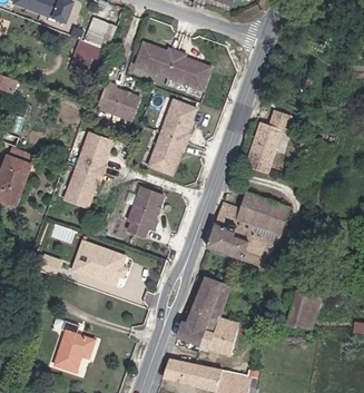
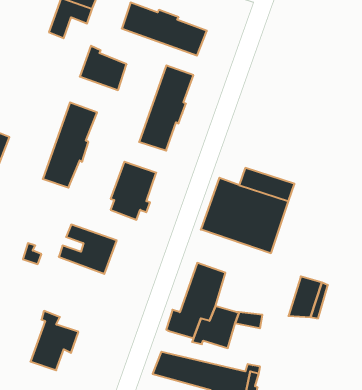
building: [245,110,291,171] -> none

